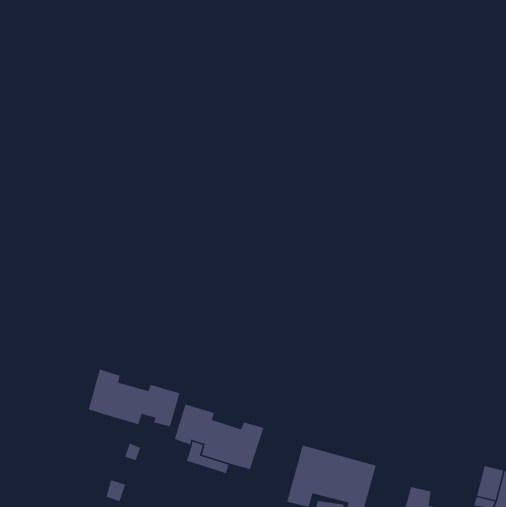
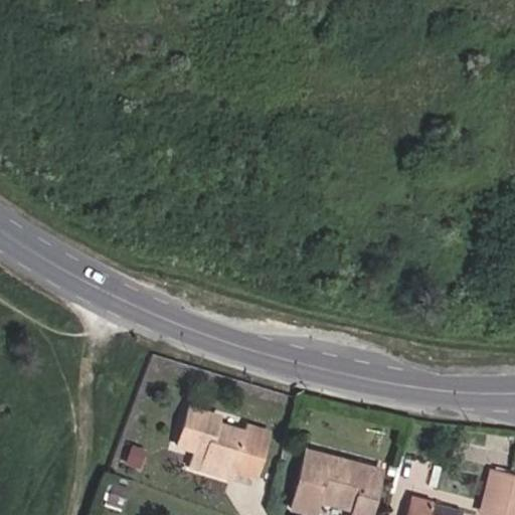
building: [88,368,181,427] -> none

